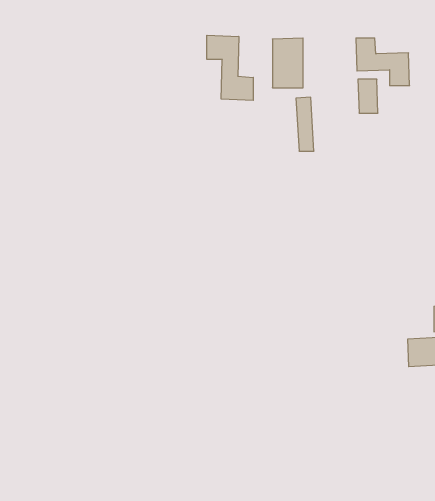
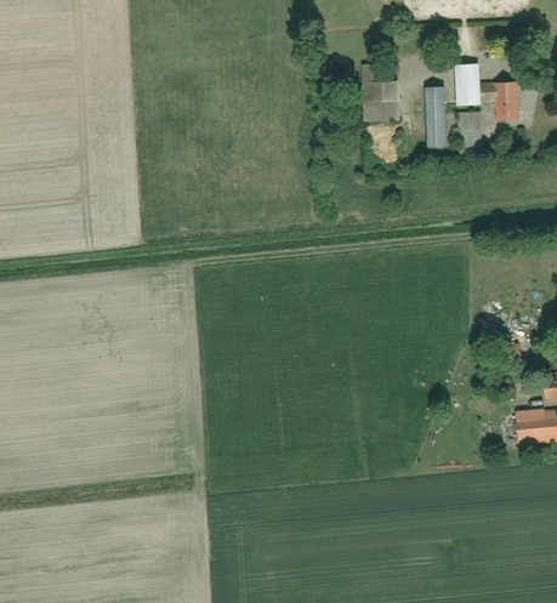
building: [207,35,253,100] -> none
building: [296,97,314,151] -> [426,86,447,148]

